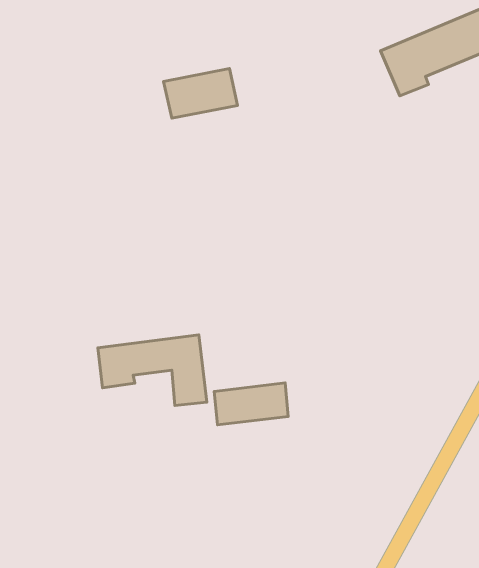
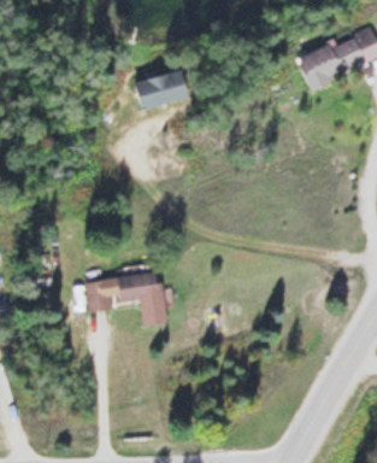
building: [214,383,288,425] -> none

